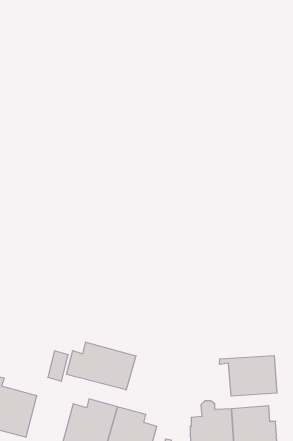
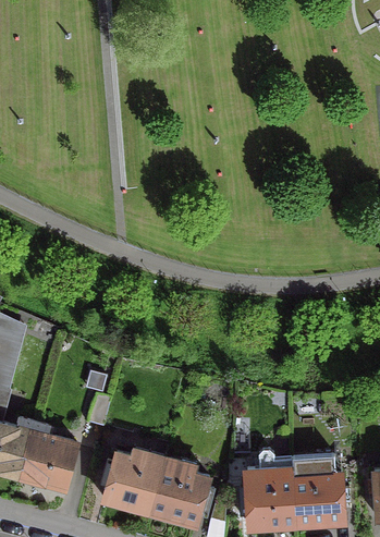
building: [66,342,136,390] -> none
building: [219,356,277,396] -> none

